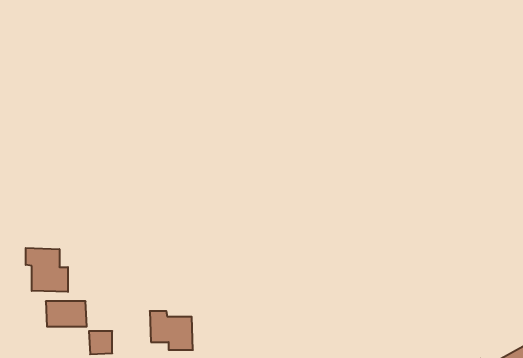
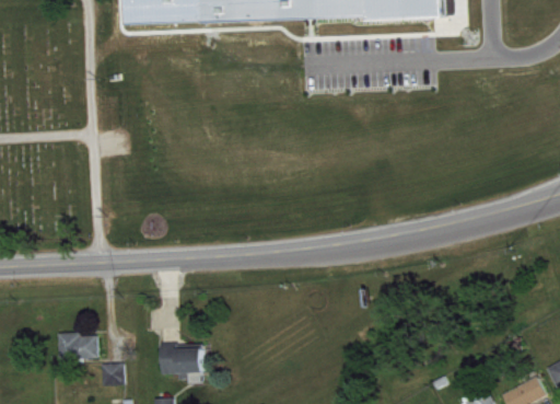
building: [26,248,68,292] -> none

